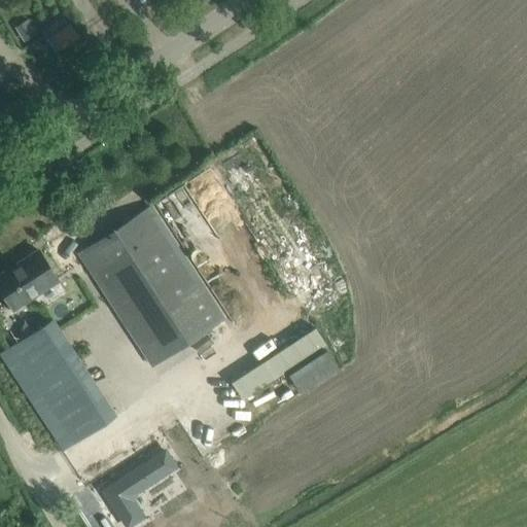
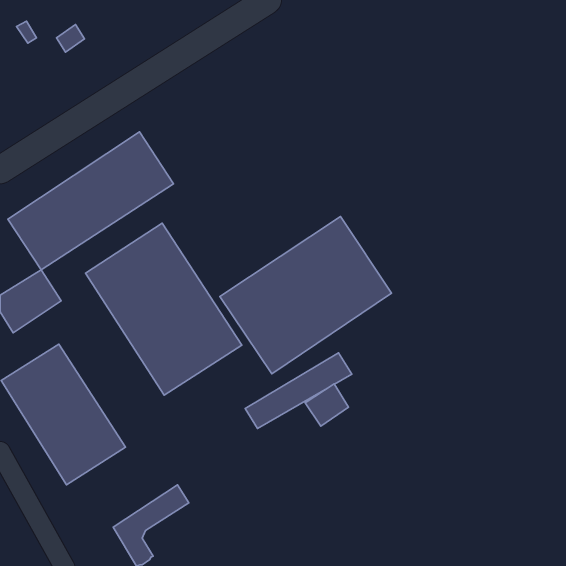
building: none -> [8,132,173,270]
building: none -> [220,216,392,374]

